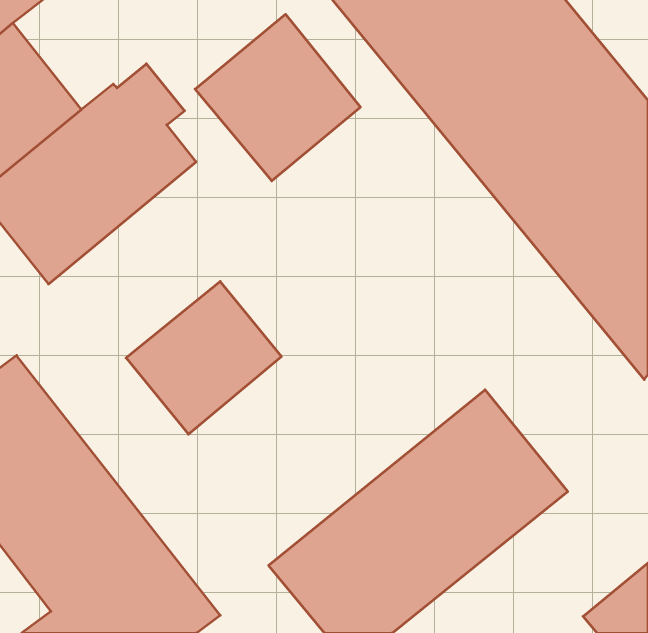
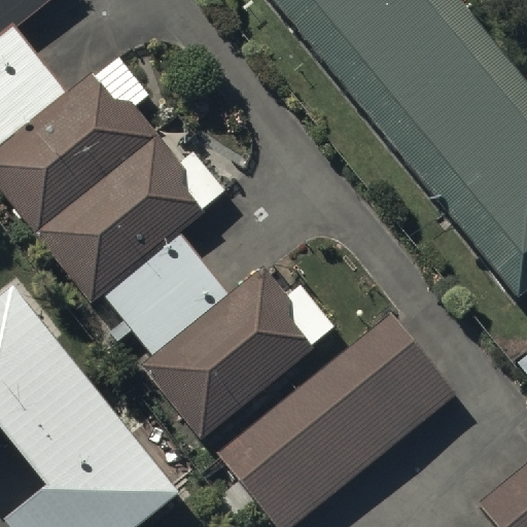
building: [195,14,360,181] -> none
building: none -> [39,131,224,296]
building: none -> [140,259,335,436]

